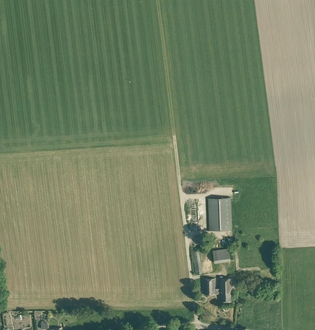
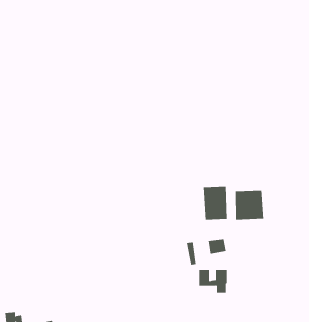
building: none -> [235,190,264,220]

